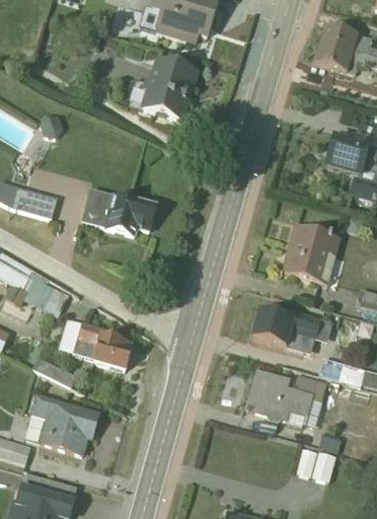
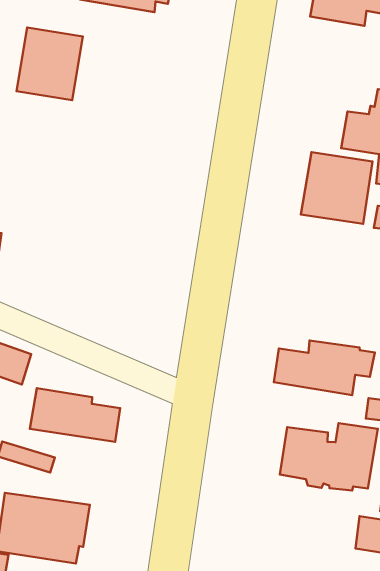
building: [140,59,196,119] -> [17,28,83,100]
building: [82,187,156,234] -> none
building: [281,225,341,285] -> [301,152,373,224]

